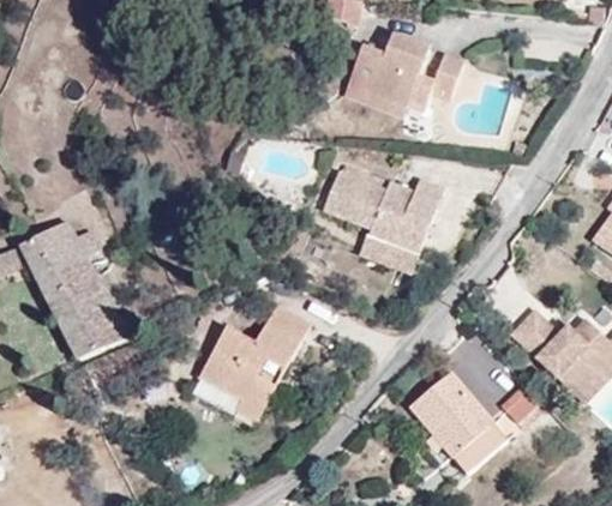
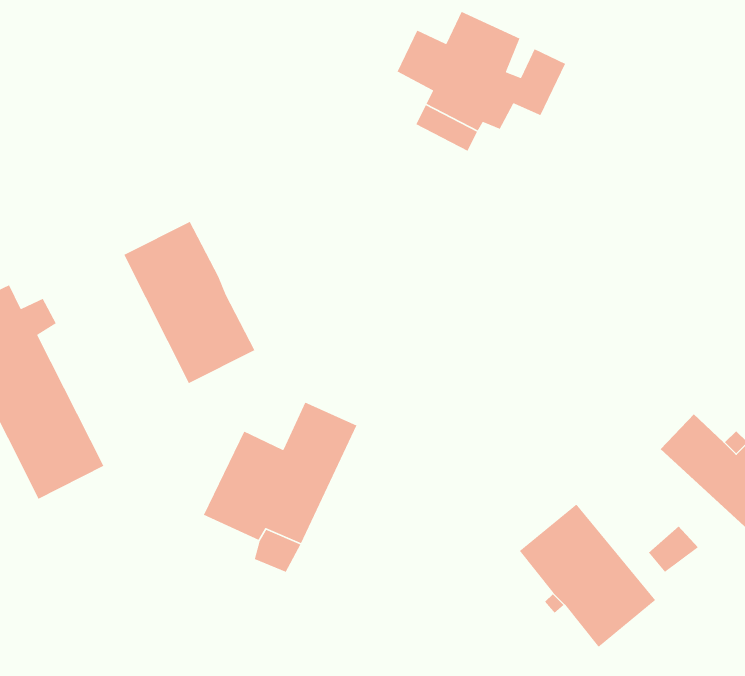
building: [314,165,440,257] -> none
building: none -> [123,221,256,384]

